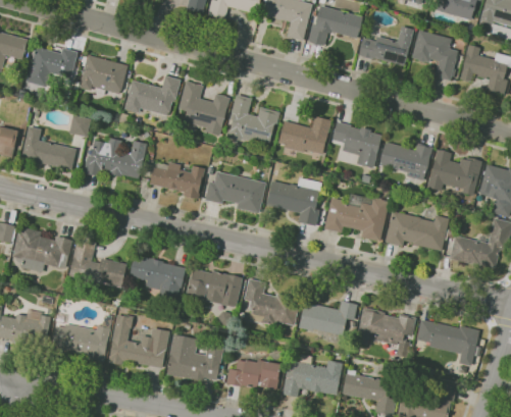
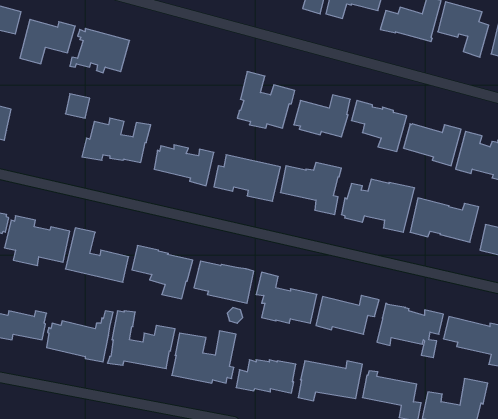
building: [124,75,181,115] -> none
building: [178,81,229,135] -> none
building: [20,125,75,169] -> none

